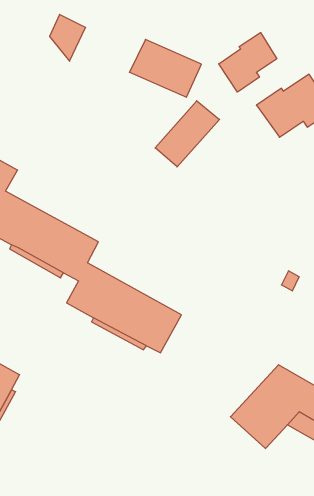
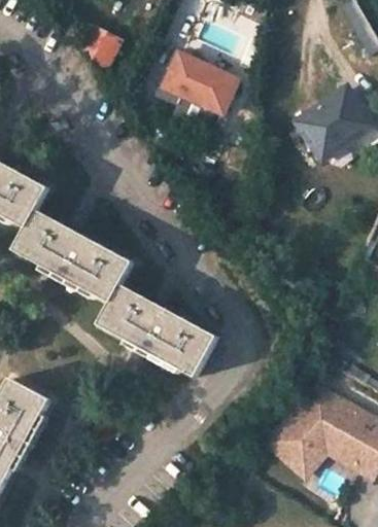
building: [219,33,277,92] -> none
building: [155,101,220,167] -> none

